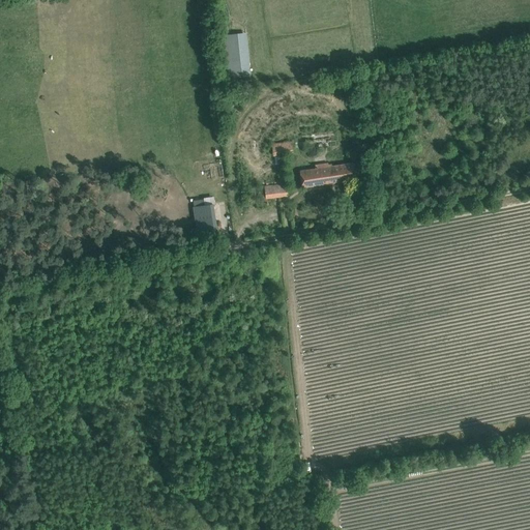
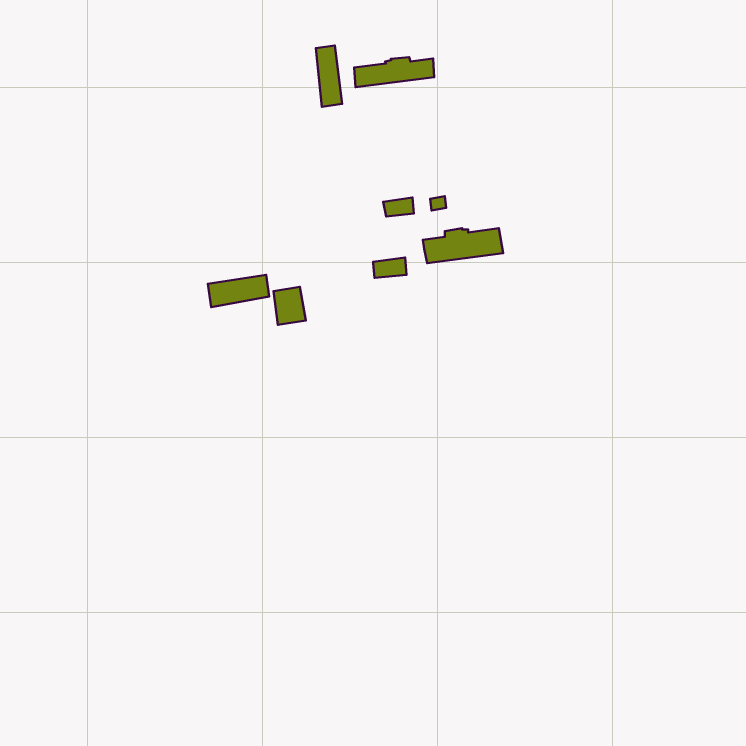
building: none -> [354,57,434,87]
building: none -> [208,275,269,307]

